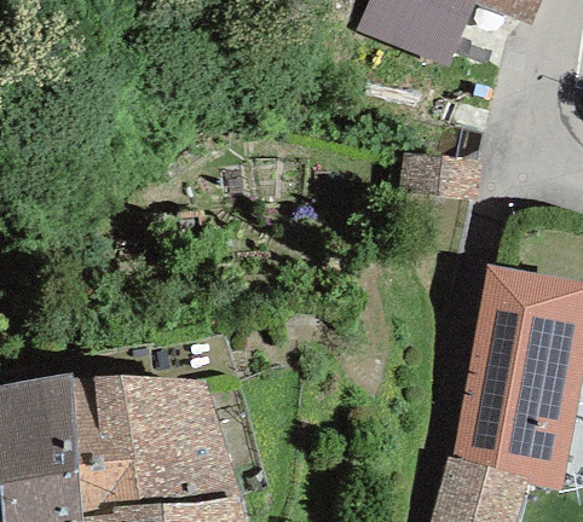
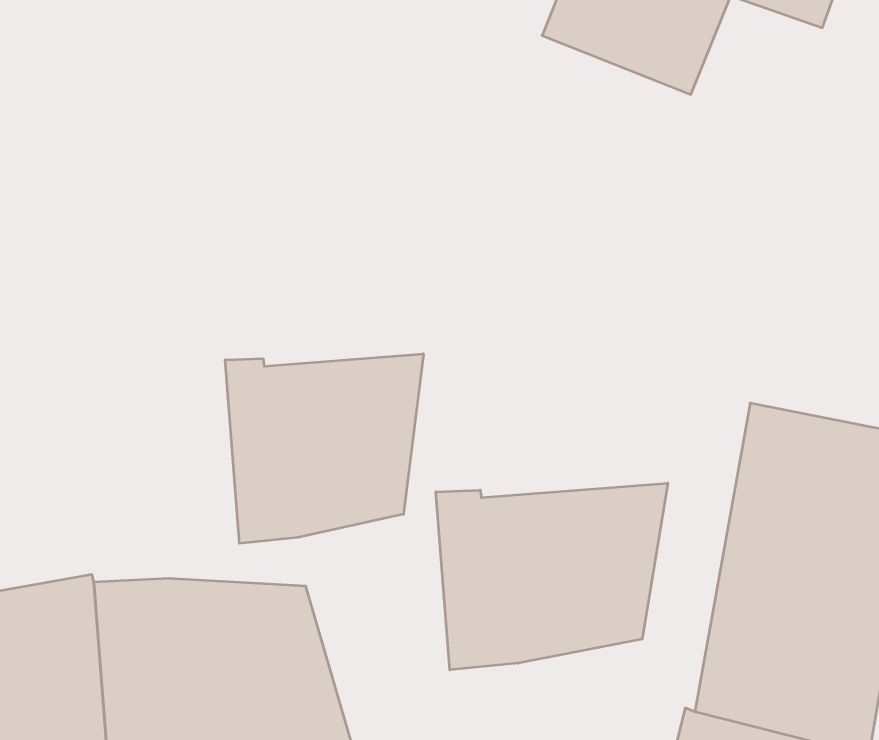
building: none -> [225,354,423,543]
building: none -> [436,483,668,670]

